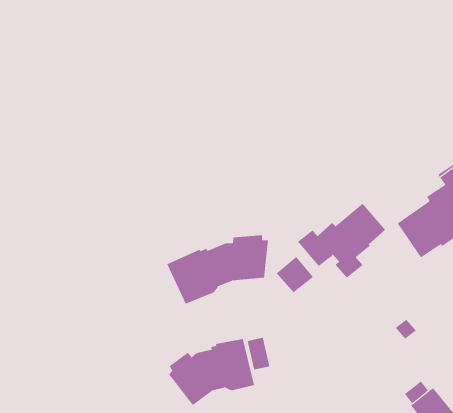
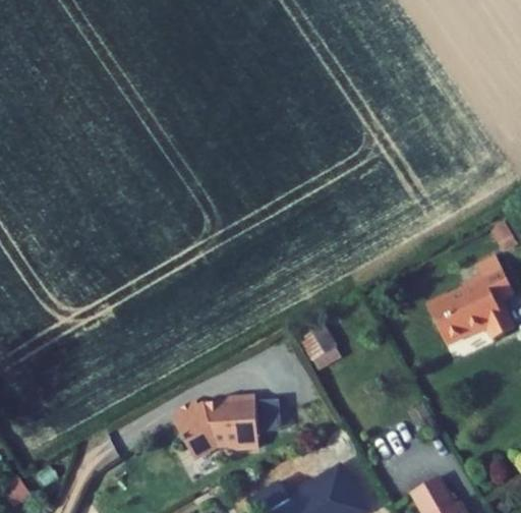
building: [297,203,386,279] -> none
building: [166,234,269,305] -> none

